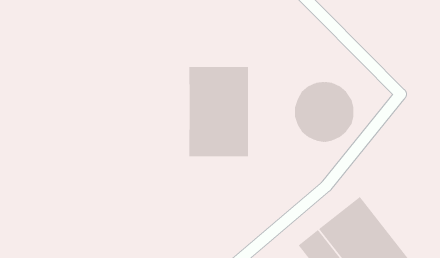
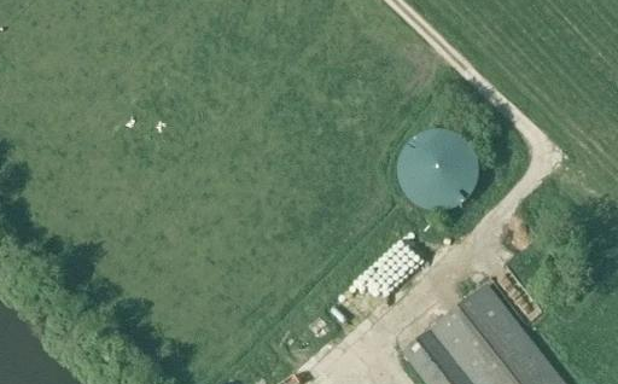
building: [189,66,249,157] -> none

